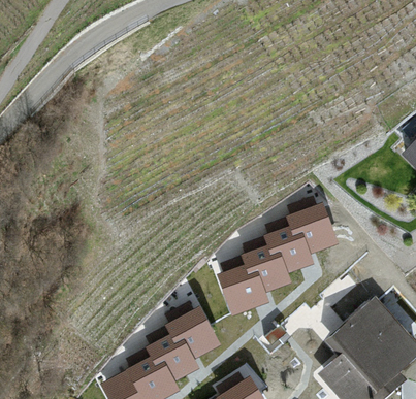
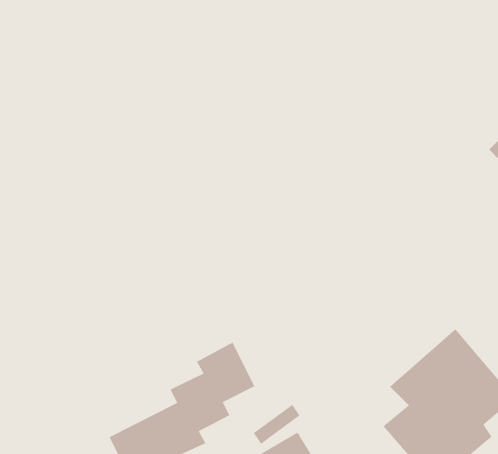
building: [221,204,337,311] -> none

